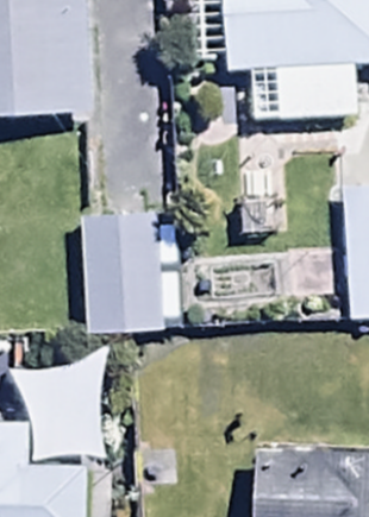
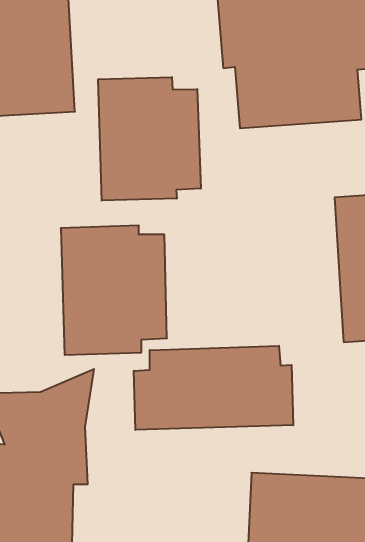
building: none -> [98,77,201,201]
building: none -> [134,346,293,430]

